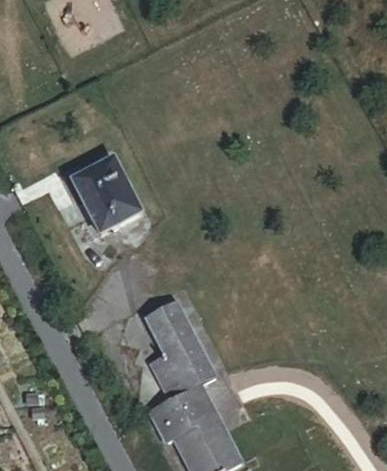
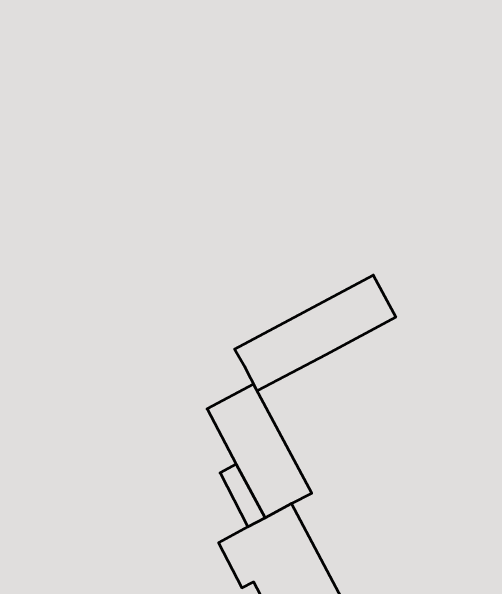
building: [71,158,139,232] -> none
building: none -> [235,275,396,391]

